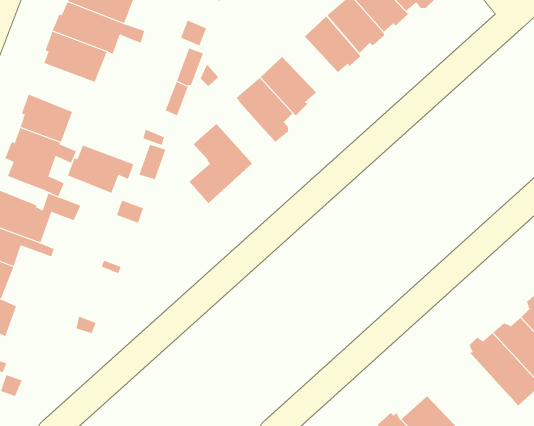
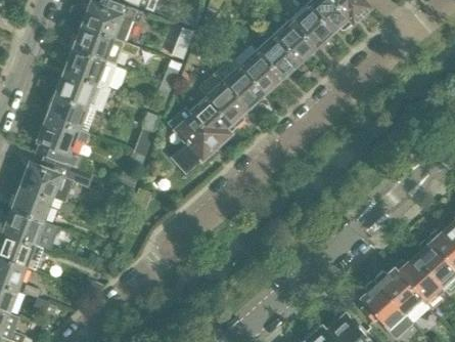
building: none -> [234,45,280,94]
building: none -> [191,99,234,144]
building: [67,145,134,194] -> [53,71,102,106]
building: none -> [360,282,406,331]

